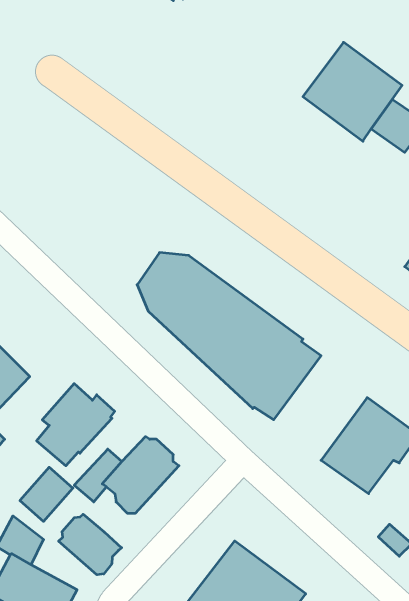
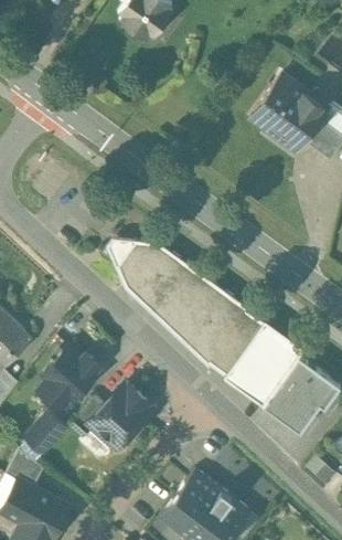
building: none -> [223,319,303,405]
building: [59,514,122,575] -> none

